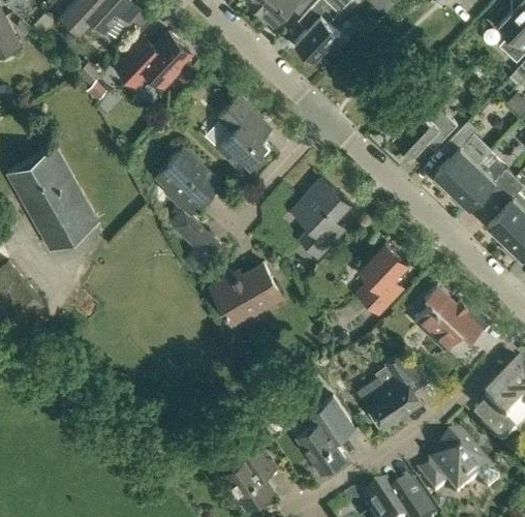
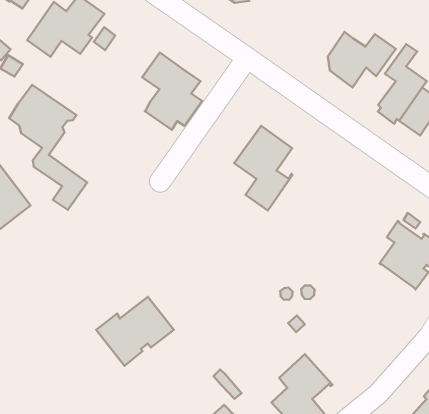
building: [157,149,221,270] -> [9,85,87,210]
building: [358,243,407,314] -> none
building: [211,265,283,326] -> [96,297,174,366]
building: [358,353,427,429] -> none

